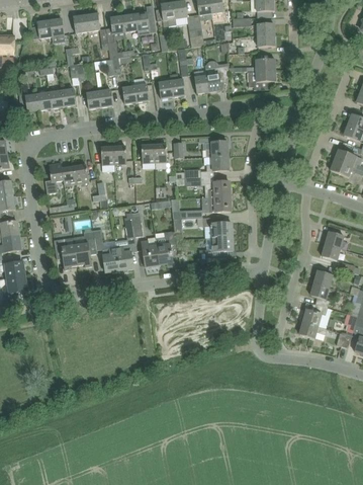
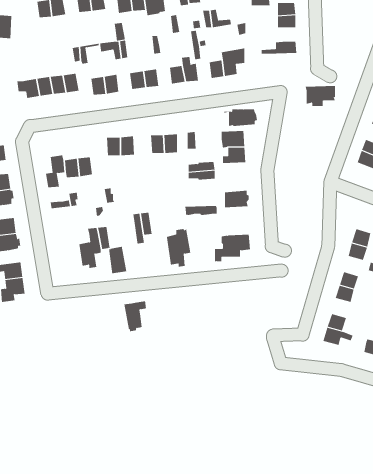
building: [247,69,275,88] -> [305,85,336,106]
building: [200,180,232,196] -> [224,109,258,127]
building: [203,215,232,236] -> none
building: [141,236,159,265] -> none
building: [54,237,78,268] -> none
building: [115,243,137,271] -> [124,301,147,332]

